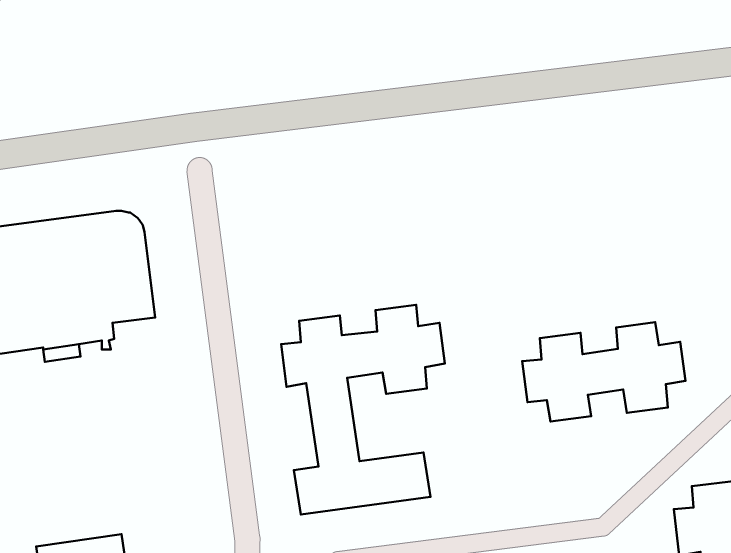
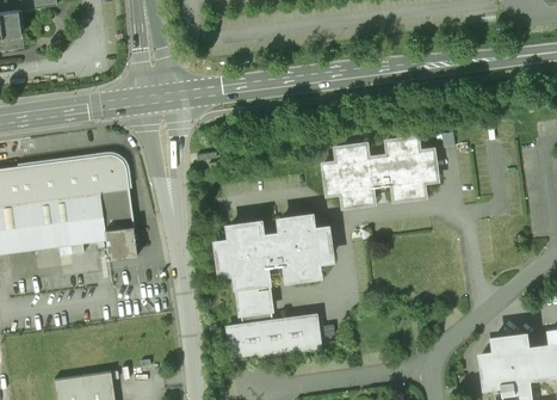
building: none -> [105,226,137,259]
building: [522,322,685,422] -> [326,137,435,204]

